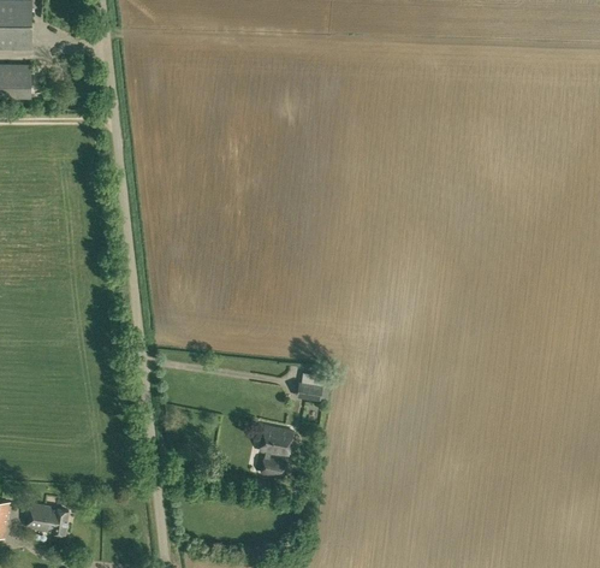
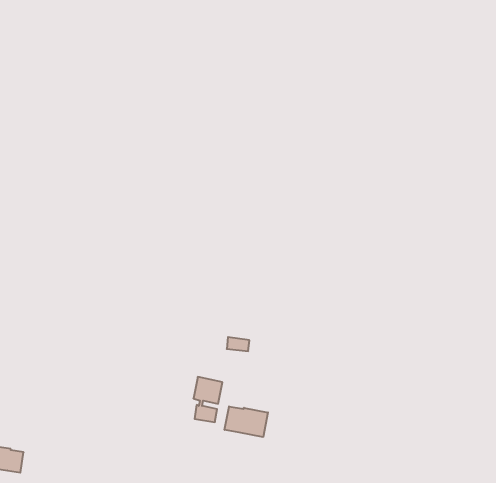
building: none -> [225,406,268,437]

